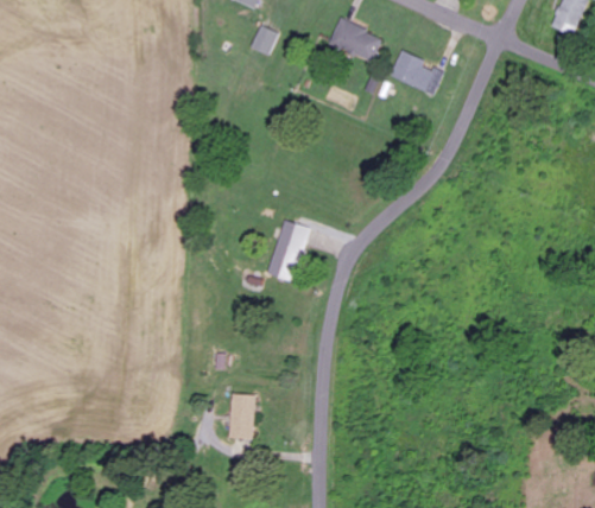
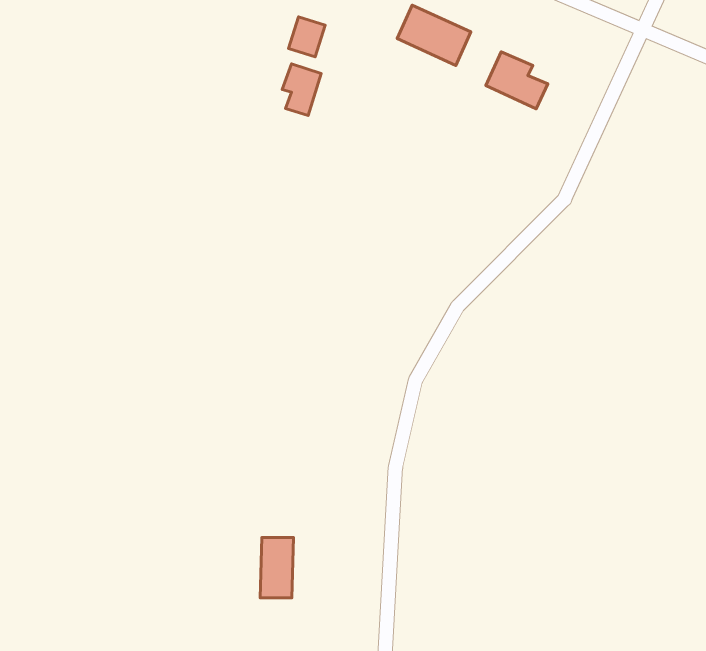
building: none -> [282,64,321,115]
building: [268,221,309,281] -> none

